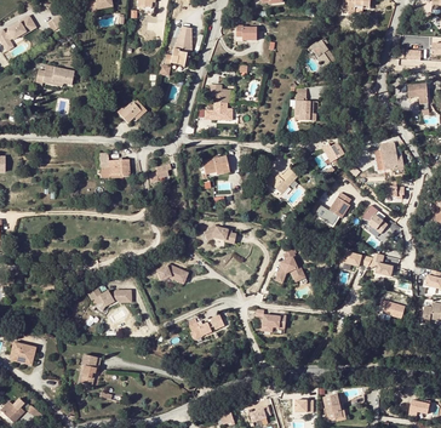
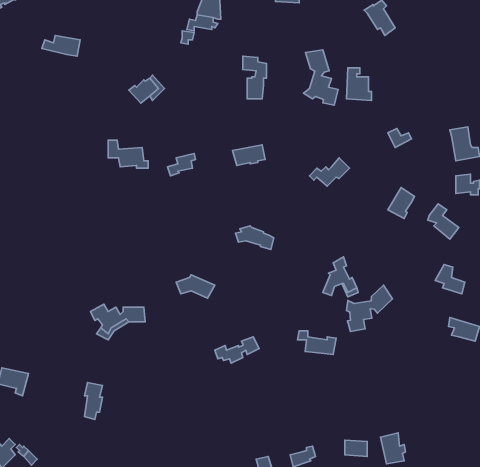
building: none -> [304,50,338,105]
building: none -> [347,285,393,332]

